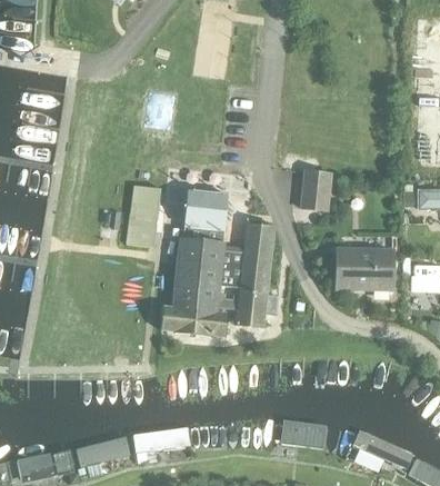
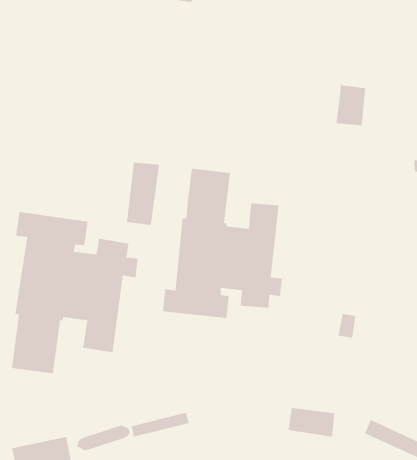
building: [301,170,331,210] -> [336,84,367,126]
building: none -> [11,211,139,374]
building: [337,249,392,289] -> none

